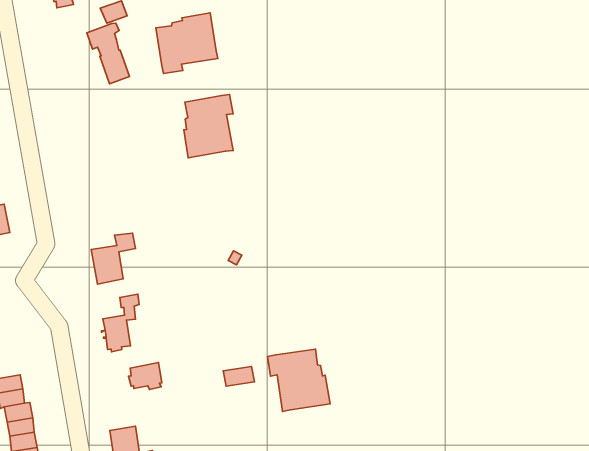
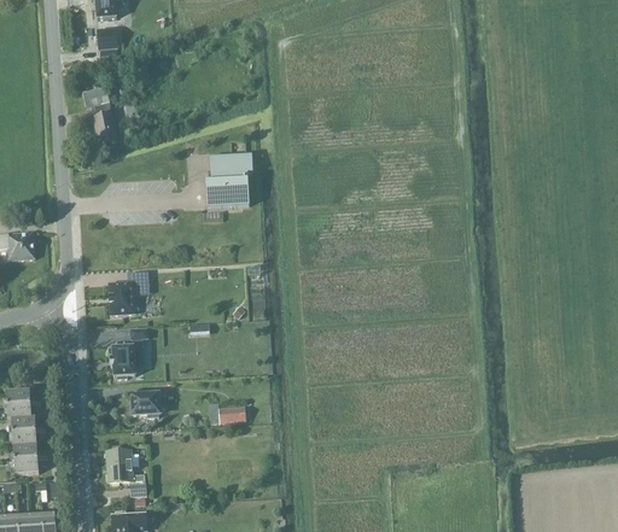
building: [156,13,218,74] -> none
building: [87,23,130,84] -> [83,86,118,141]
building: [268,349,330,411] -> none

